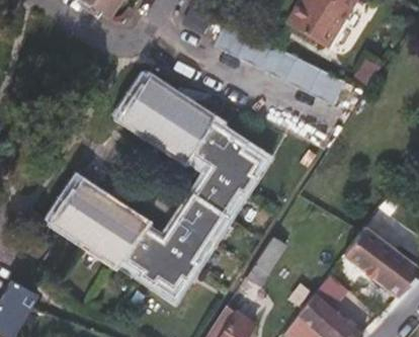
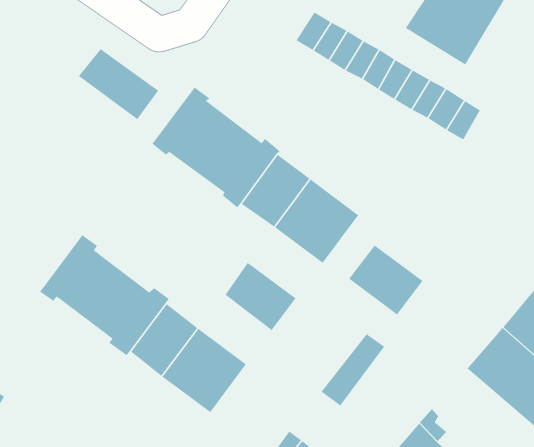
building: none -> [78,48,159,120]
building: [192,170,243,217] -> [348,245,423,315]
building: [162,218,212,263] -> none

